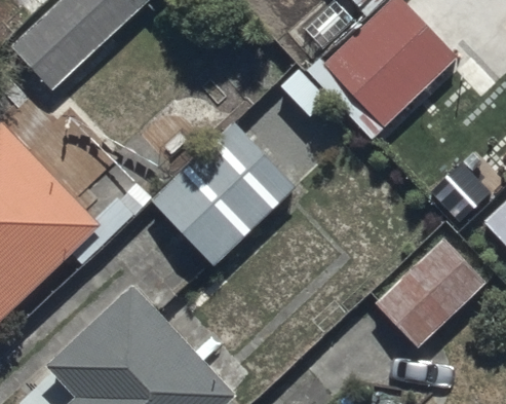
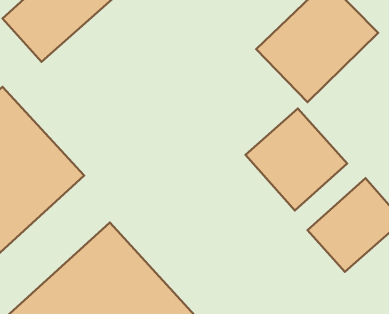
building: [153,120,302,266] -> none
building: none -> [245,108,347,211]

